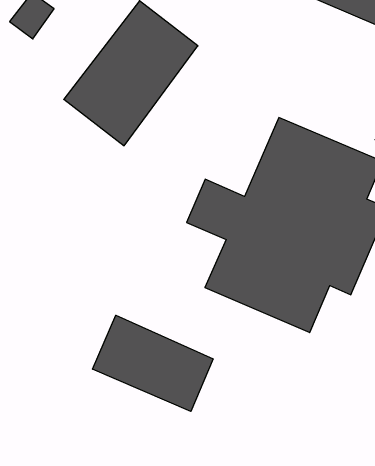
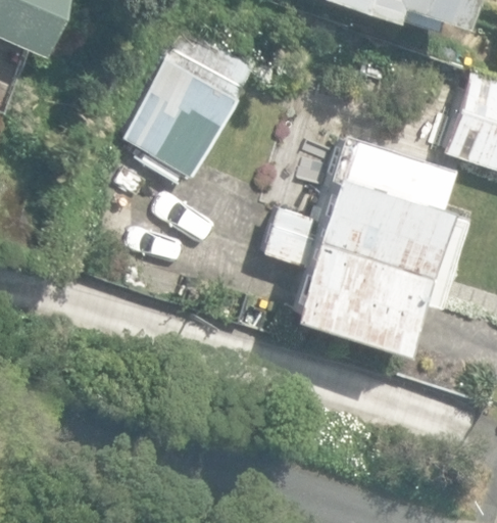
building: [93,315,213,411] -> none

